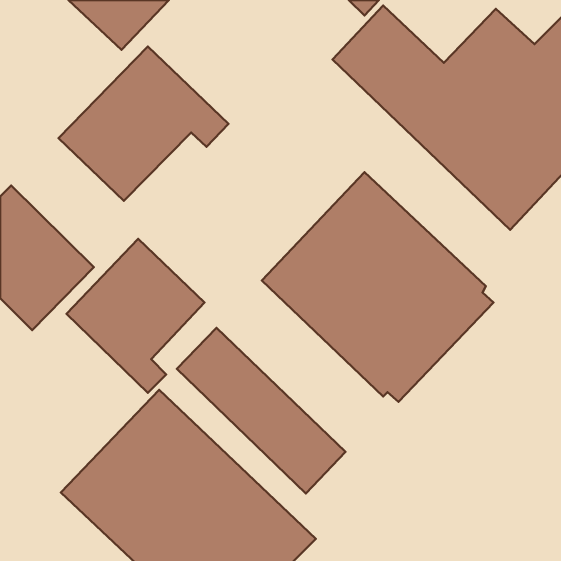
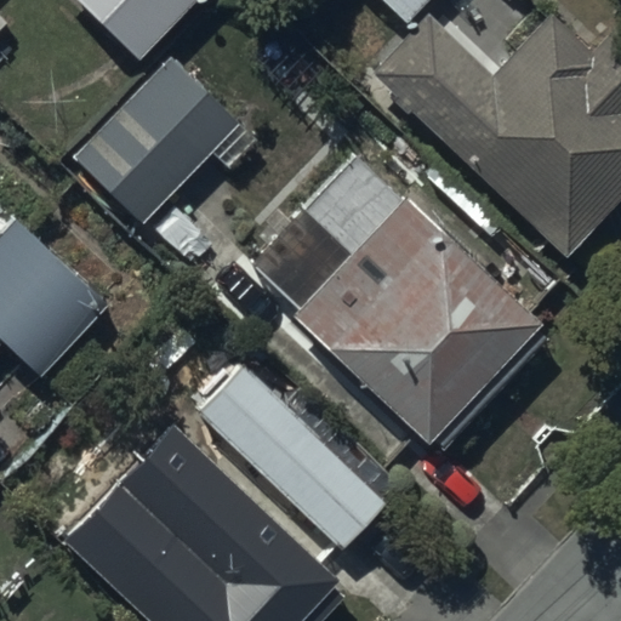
building: [67,239,204,393] -> none

